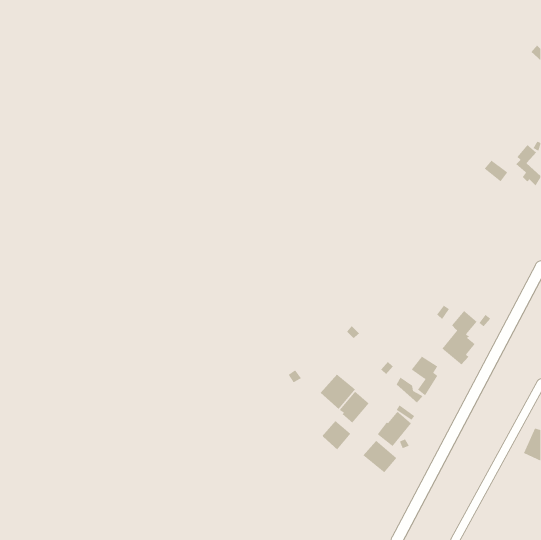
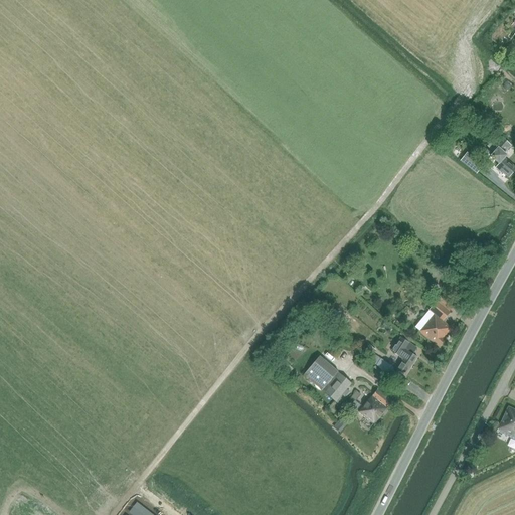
building: [322,420,351,450] -> none
building: [362,440,397,473] -> none

